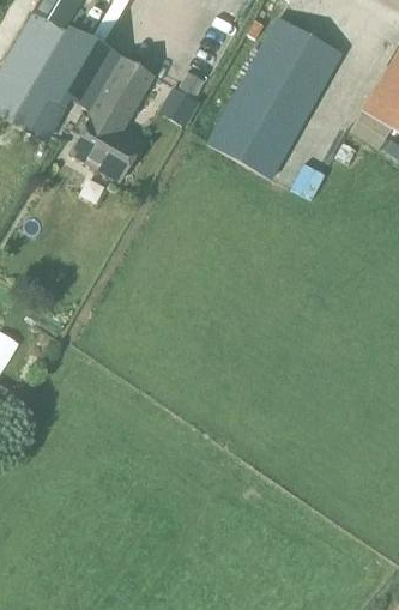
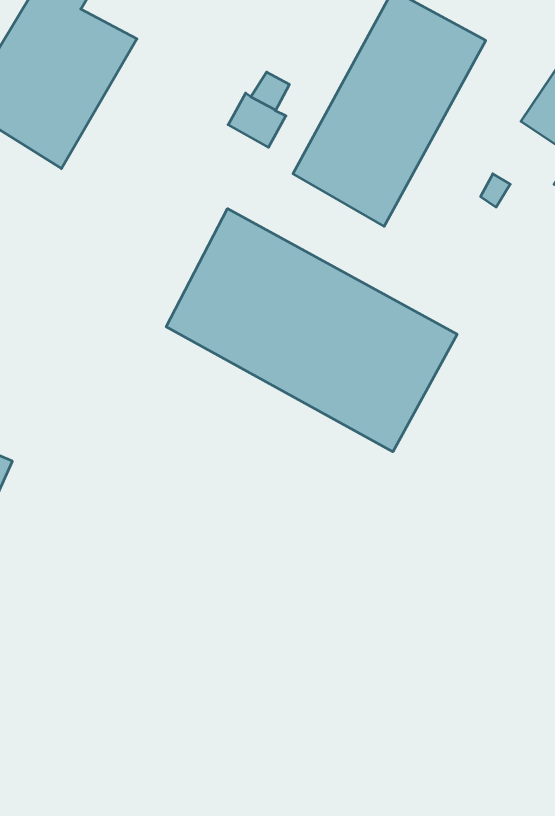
building: [71,56,155,182] -> none
building: none -> [166,209,457,452]

